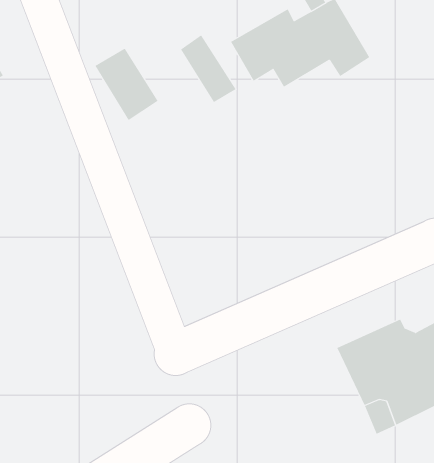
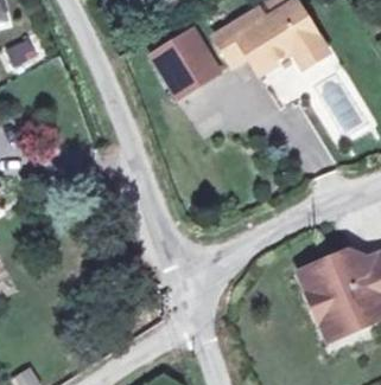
building: [95,48,158,121] -> [152,40,202,97]

